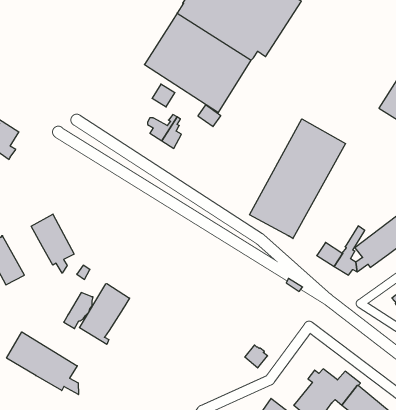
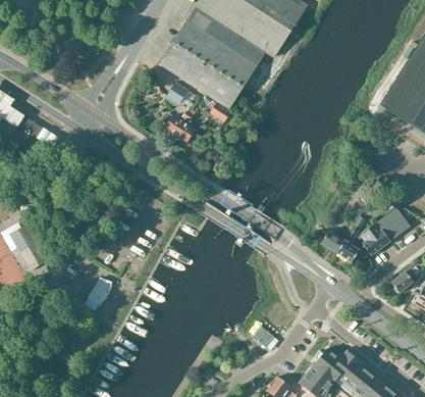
building: [250,119,346,239] -> none
building: [31,214,74,273] -> none
building: [79,284,130,344] -> none
building: [7,332,78,395] -> none

